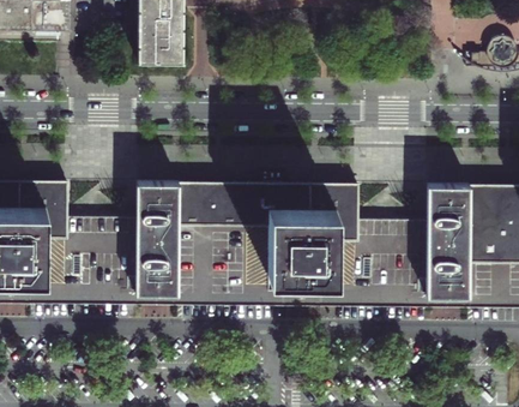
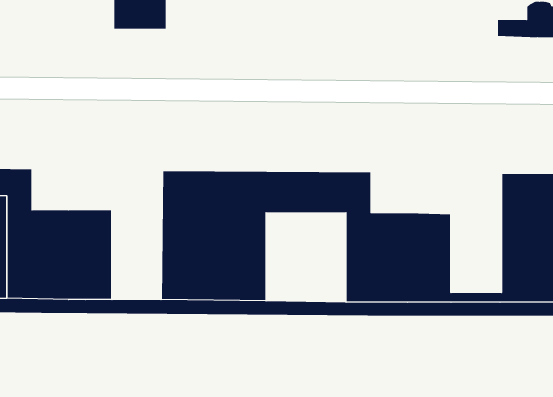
building: [135,181,179,293] -> none
building: [426,185,469,287] -> none
building: [267,219,336,279] -> none

